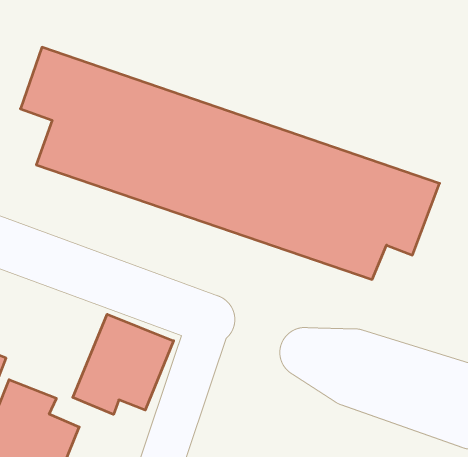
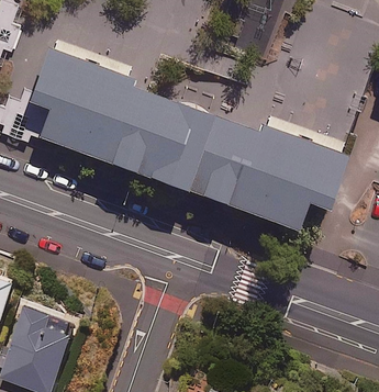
building: [73,314,174,414] -> none

